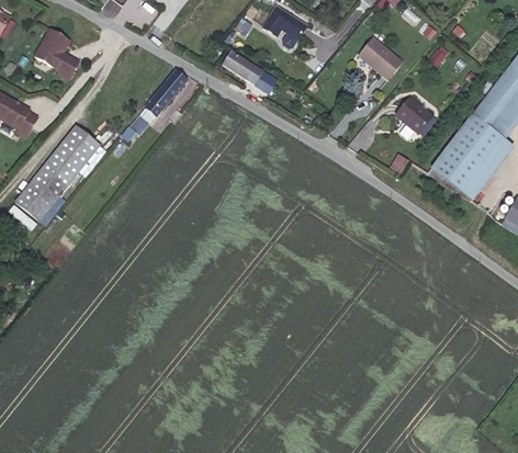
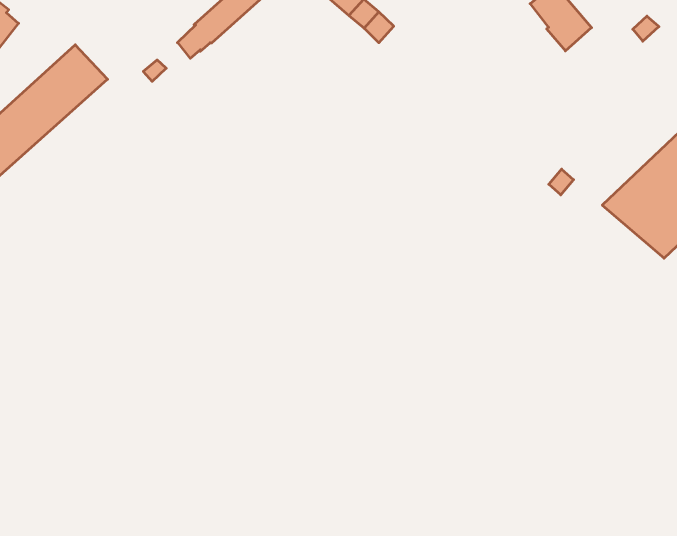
building: [397,97,433,133] -> none

